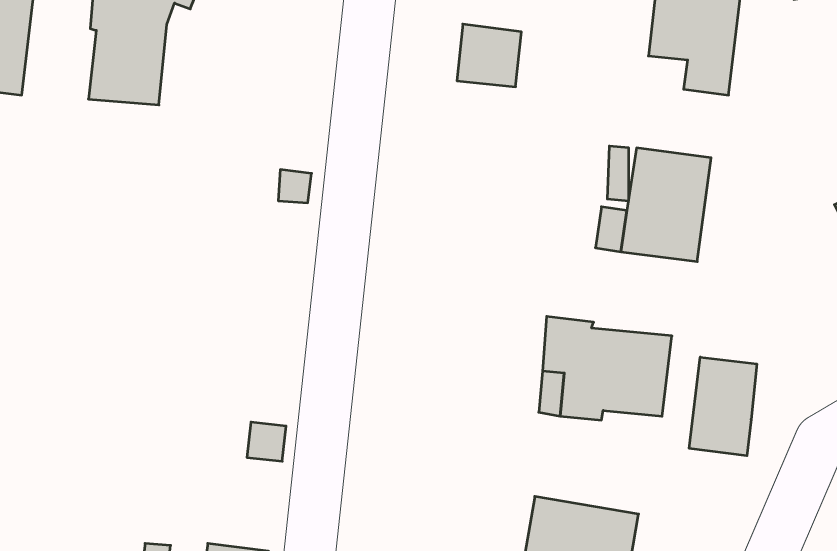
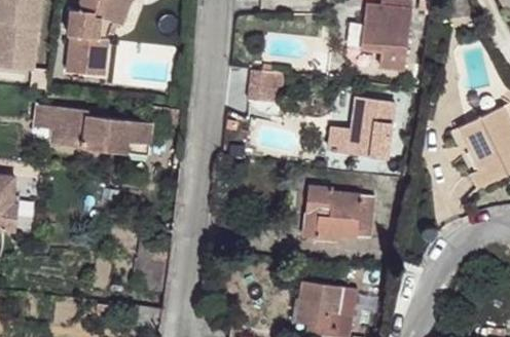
building: [457,24,521,87] -> [248,70,282,103]
building: none -> [34,104,150,154]
building: [689,357,757,456] -> none

